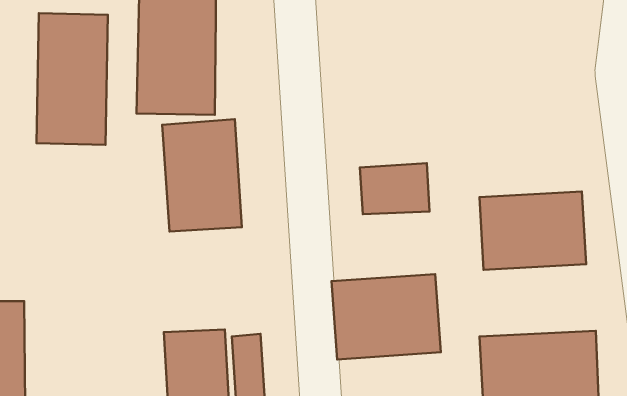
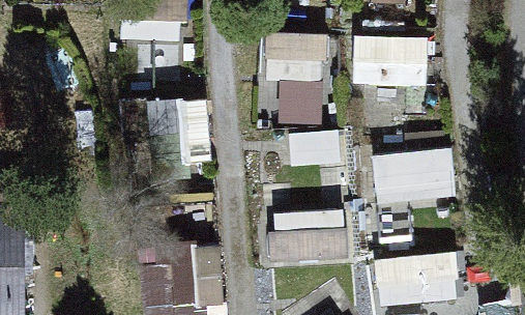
building: [37,13,108,145] -> none
building: none -> [269,27,327,124]
building: none -> [351,27,428,86]

